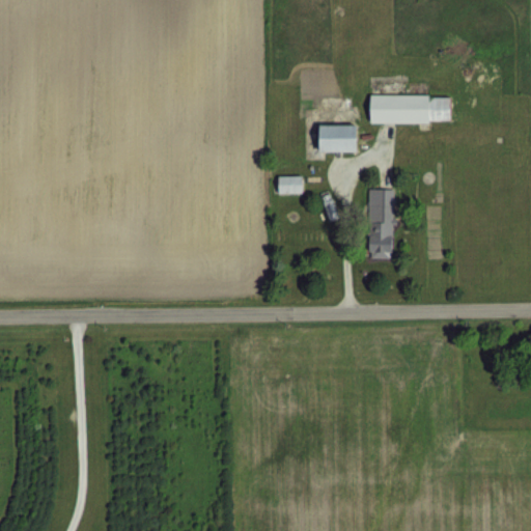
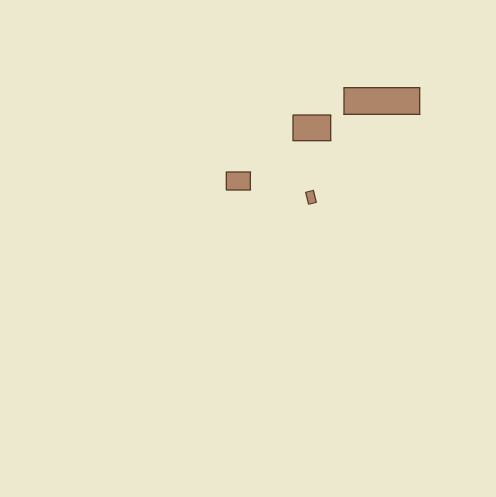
building: [277,175,303,194] -> [226,172,251,190]
building: [370,189,395,257] -> none

